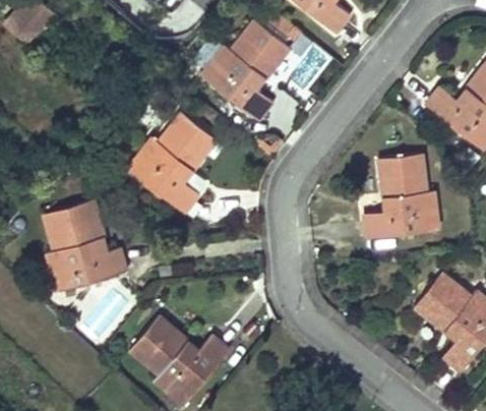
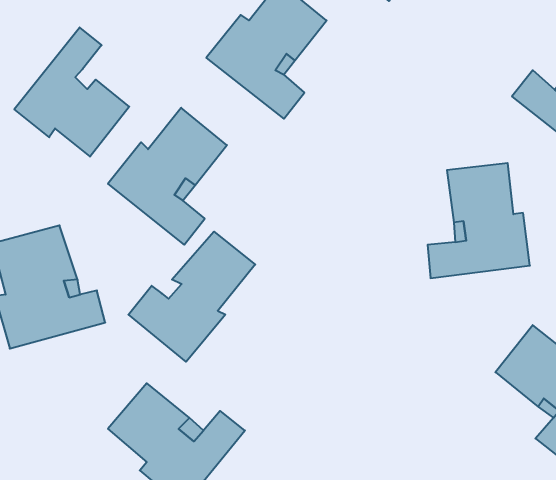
building: none -> [14,27,129,157]
building: none -> [128,232,255,362]

